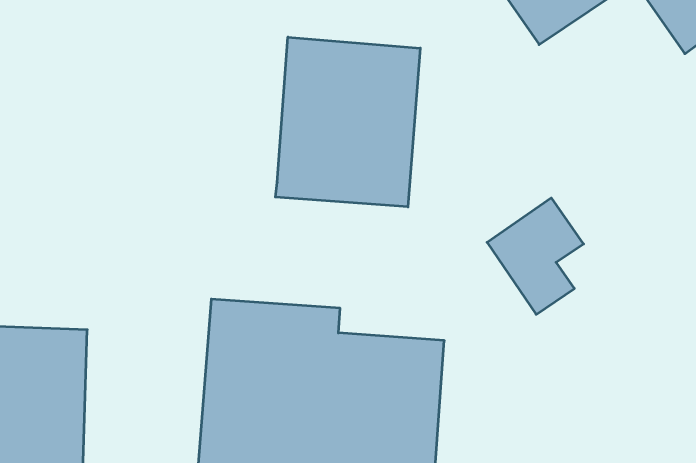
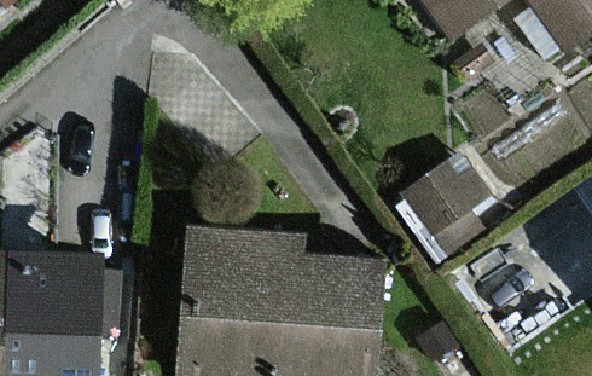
building: [275,37,420,207] -> none

